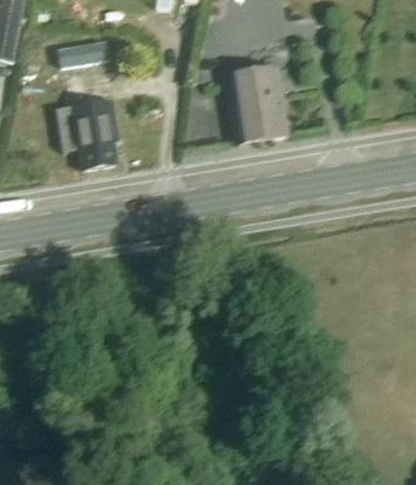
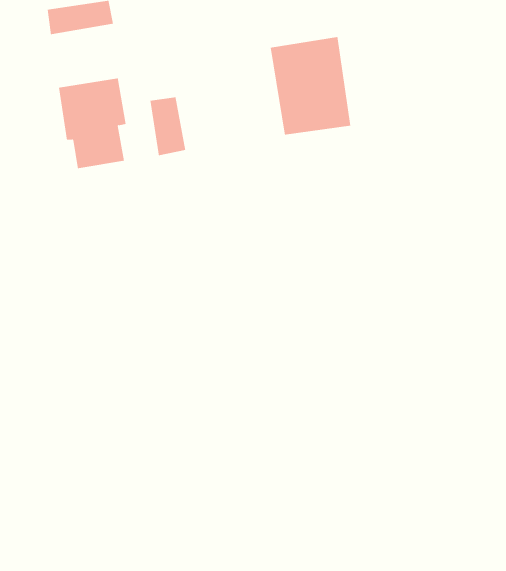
building: none -> [150,97,186,156]

